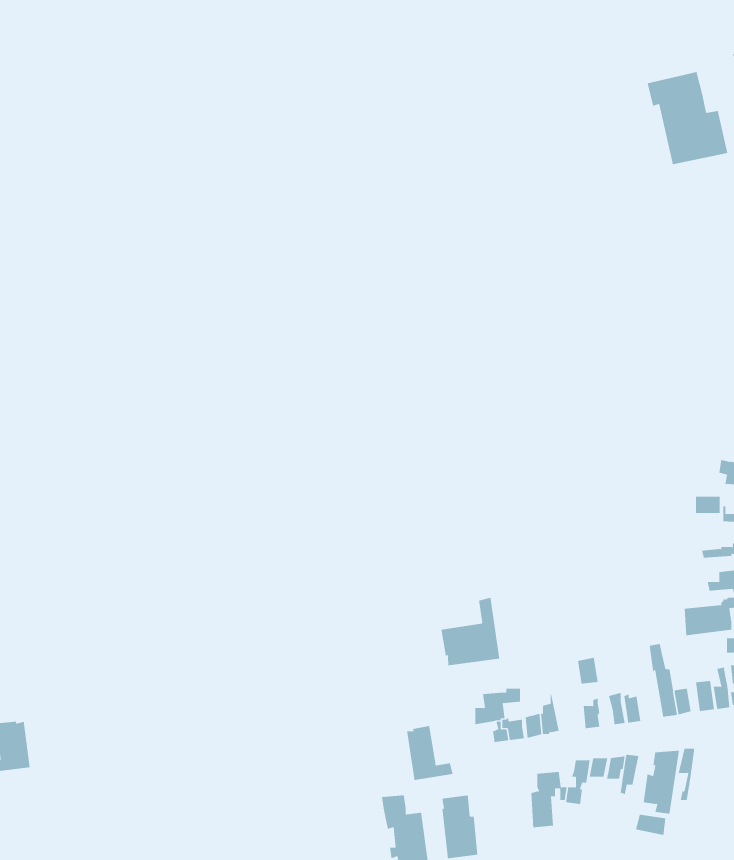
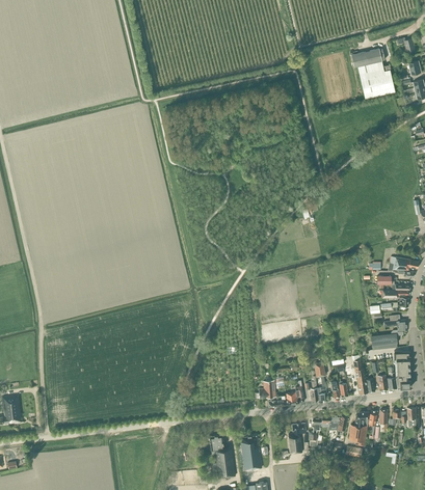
building: [441,597,500,666] -> none
building: [406,725,453,781] -> none

